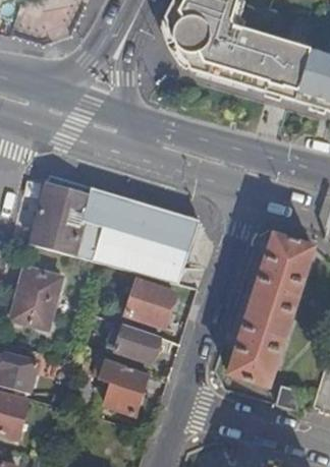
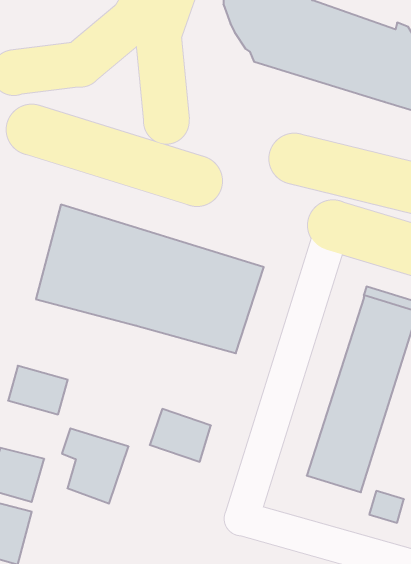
building: [18,266,61,301] -> none
building: [125,279,174,326] -> none
building: [100,357,149,412] -> [62,428,129,504]

